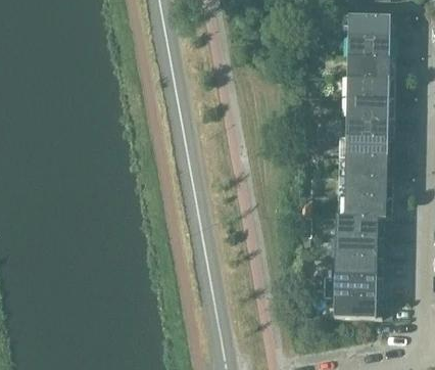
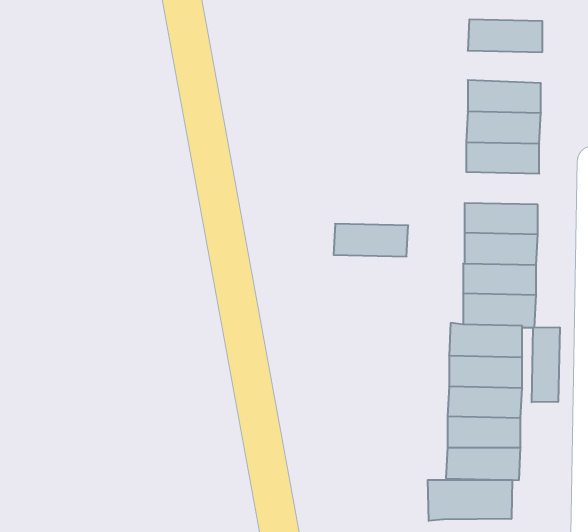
building: [345,35,394,56] -> none
building: [343,114,392,136] -> [334,224,408,256]
building: none -> [532,327,560,402]
building: none -> [428,480,512,521]

